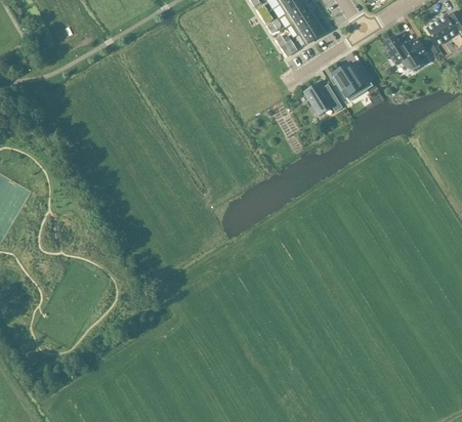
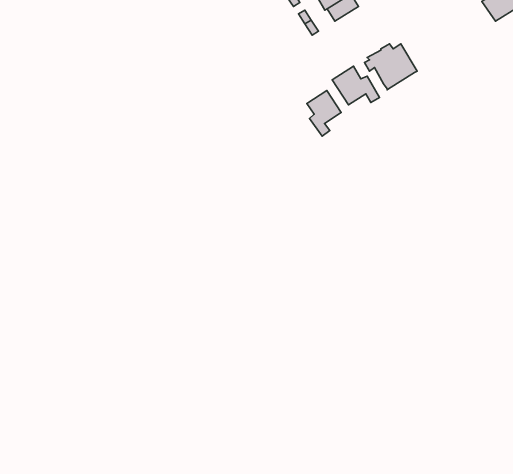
building: [382,34,426,70] -> none
building: none -> [307,91,341,136]

